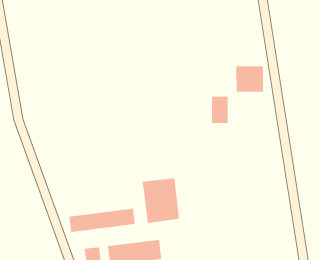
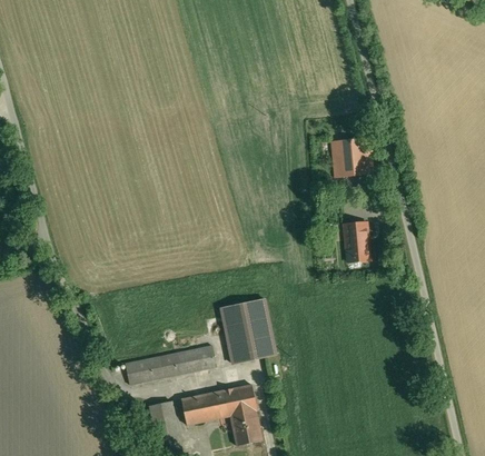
building: [211,96,229,123] -> [342,222,368,261]

